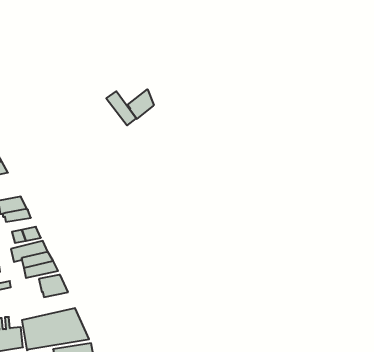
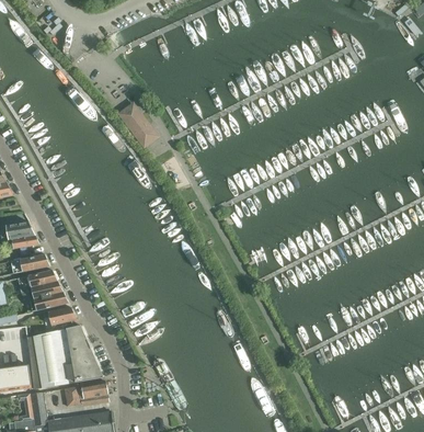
building: [127,89,154,119] -> none
building: none -> [26,325,88,355]

